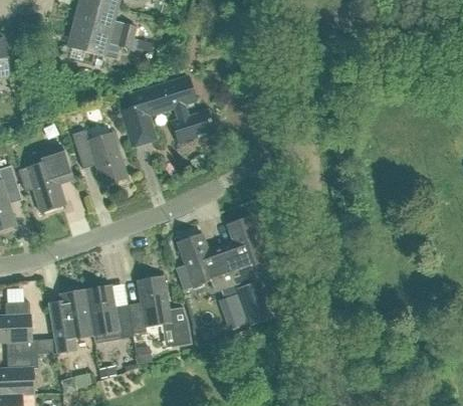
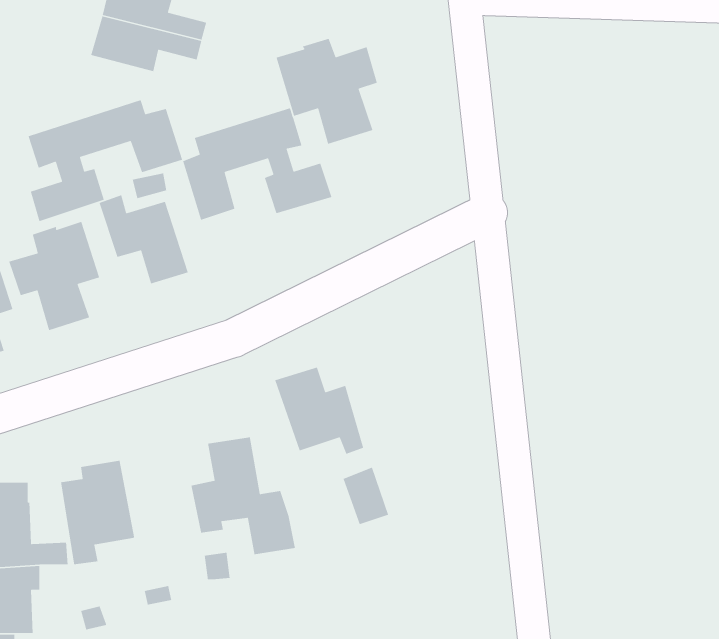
building: none -> [275,38,378,145]
building: none -> [27,99,183,222]
building: [220,216,266,282] -> none
building: [235,280,271,326] -> none
building: [84,284,133,343] -> none

